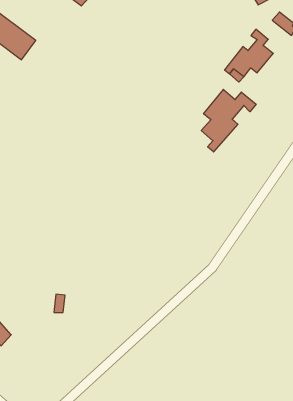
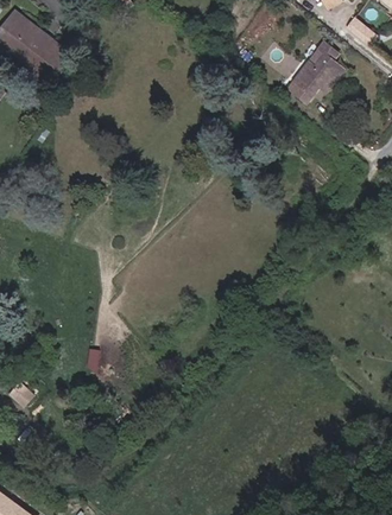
building: [201,89,256,152] -> none

